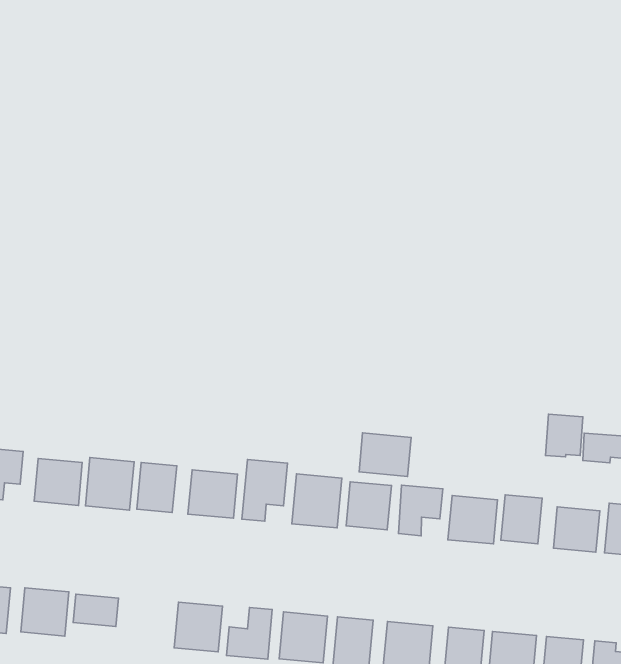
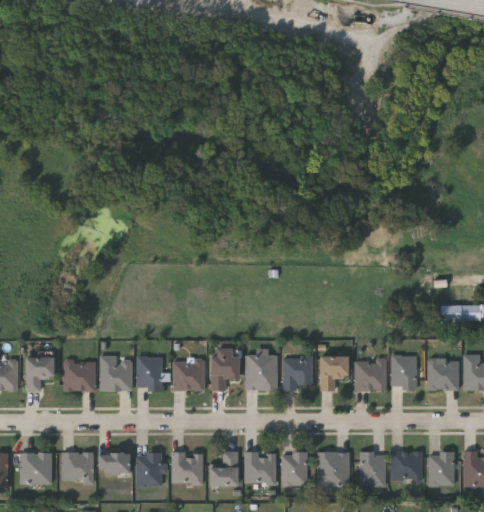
building: [546,414,583,457] -> none
building: [359,433,411,476] -> none
building: none -> [135,452,162,486]

